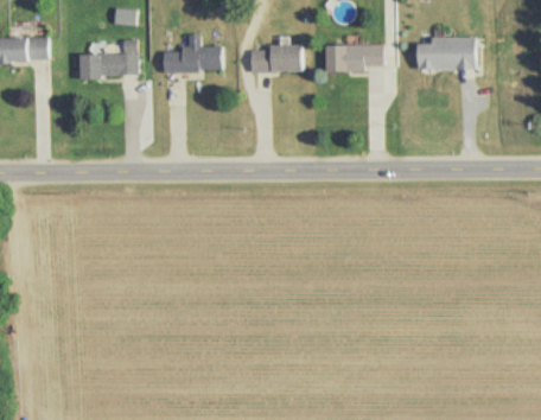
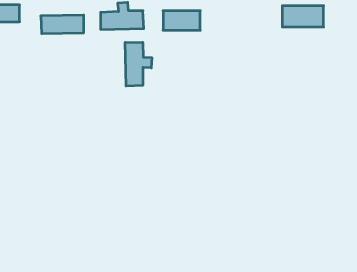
building: [325,45,384,72] -> none
building: none -> [125,42,152,86]

